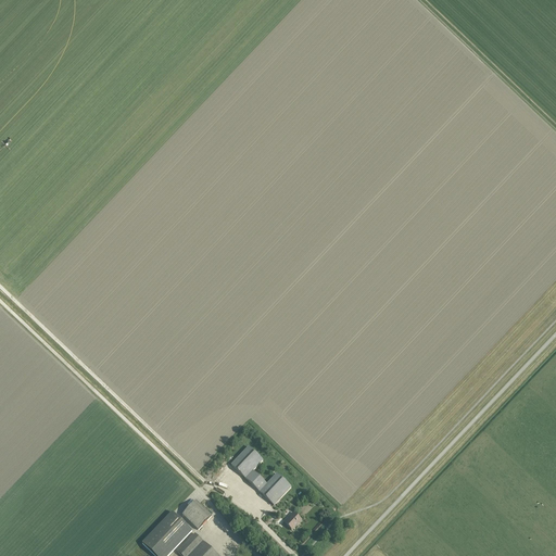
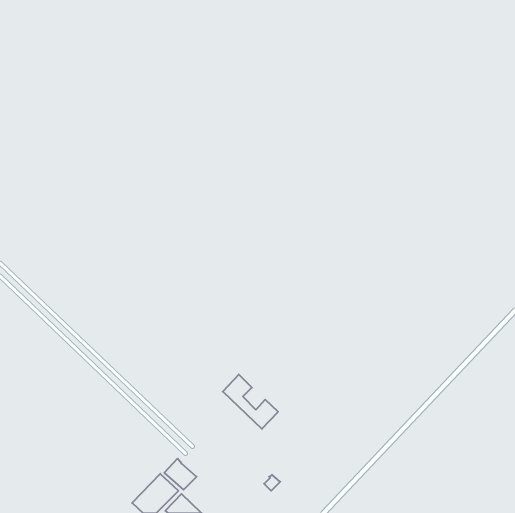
building: [231,445,291,504] -> [223,374,278,429]

